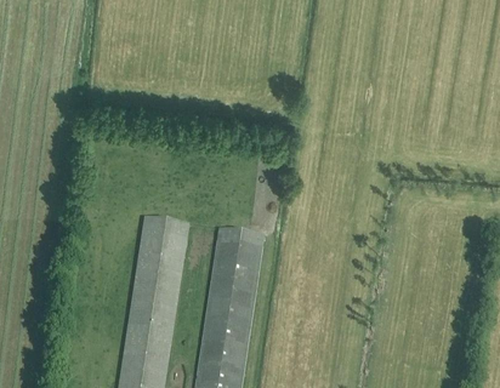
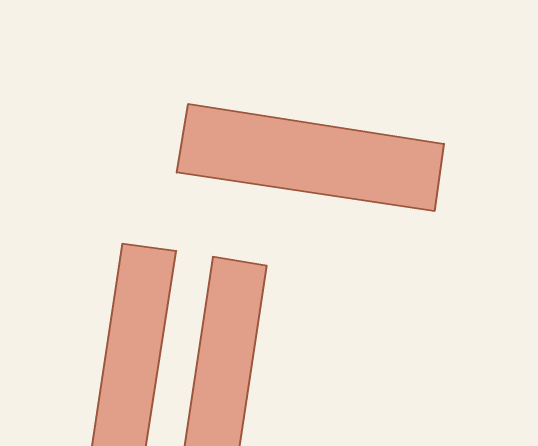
building: none -> [177,104,444,211]

